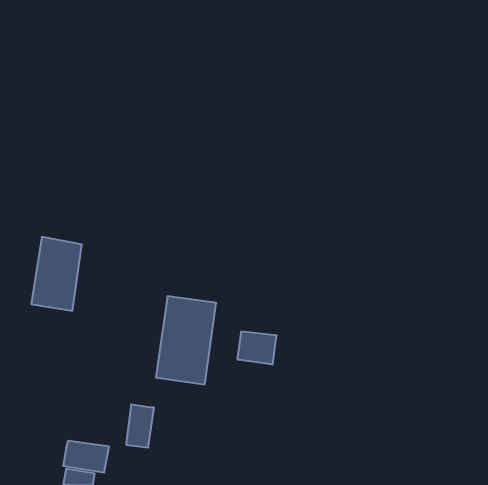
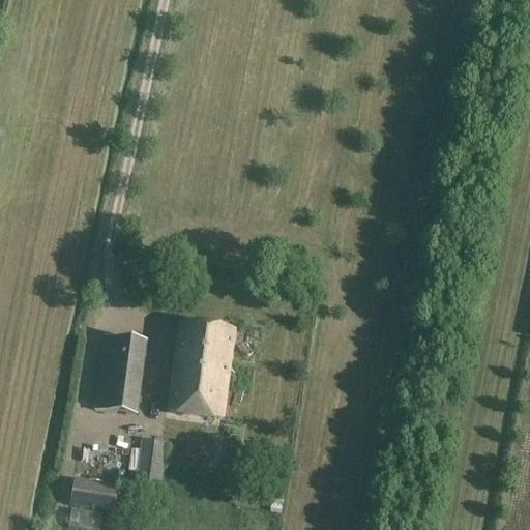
building: [31,237,82,311] -> [94,333,149,413]
building: [238,331,277,365] -> none

